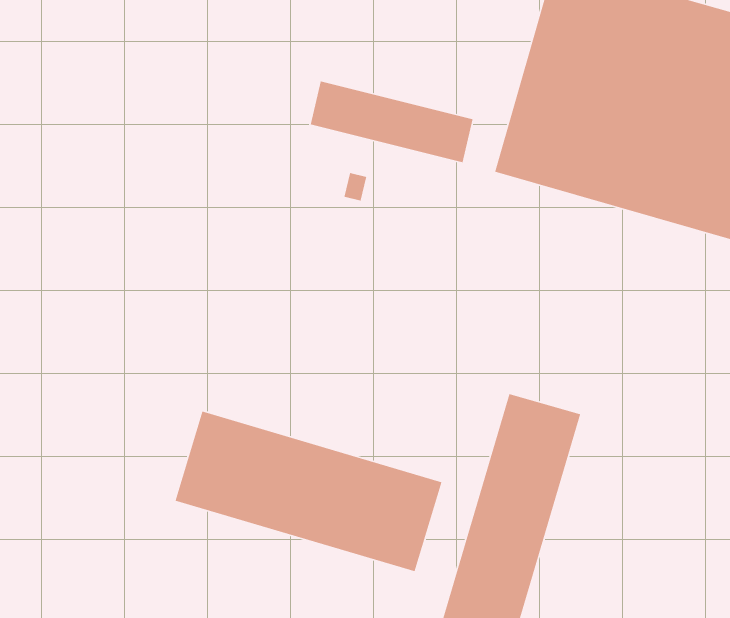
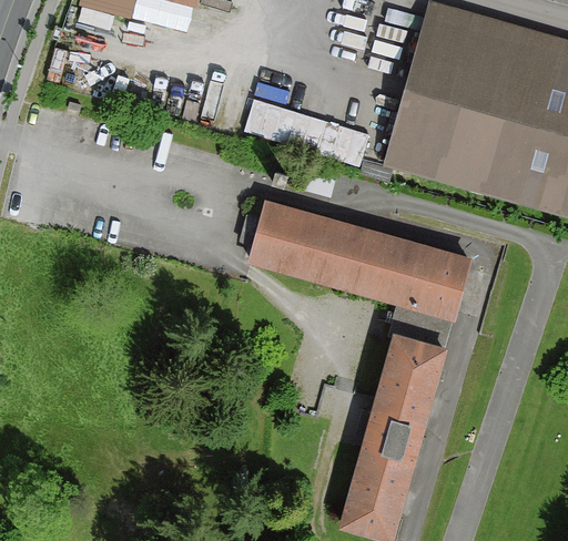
building: none -> [248,198,471,321]
building: [175,411,443,572] -> none

